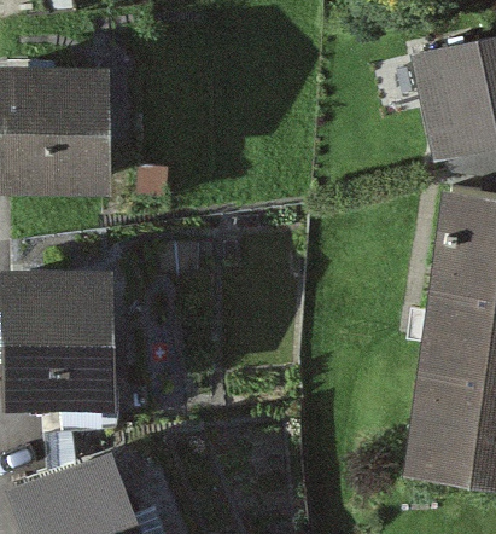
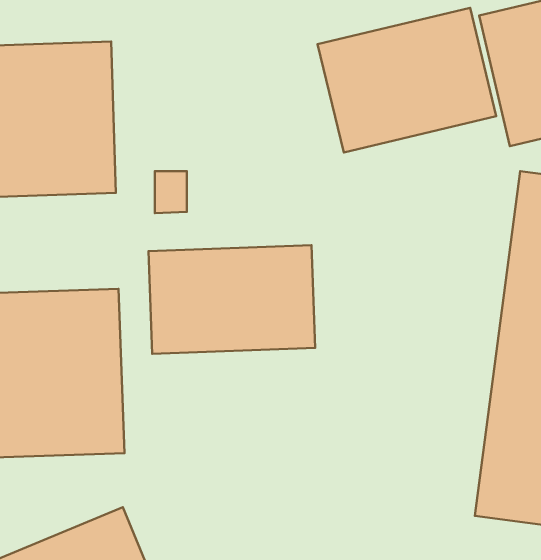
building: none -> [318,8,496,153]
building: none -> [148,245,315,354]

